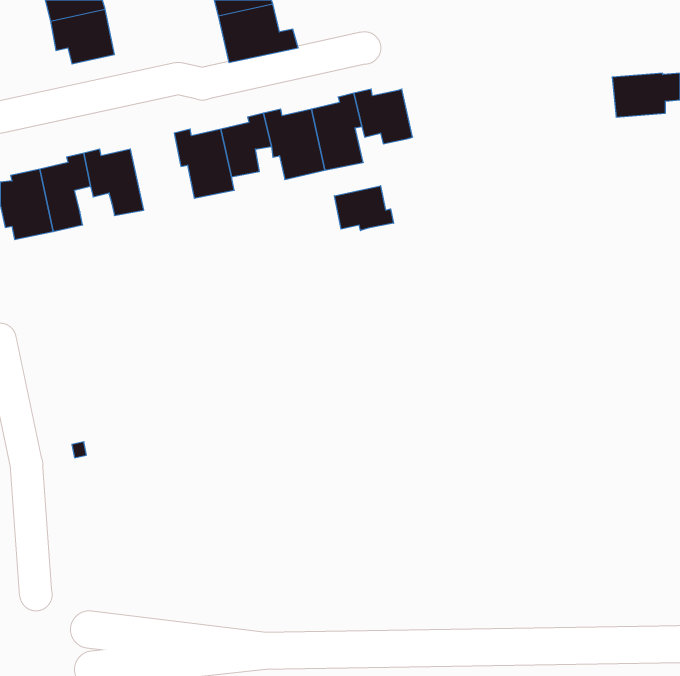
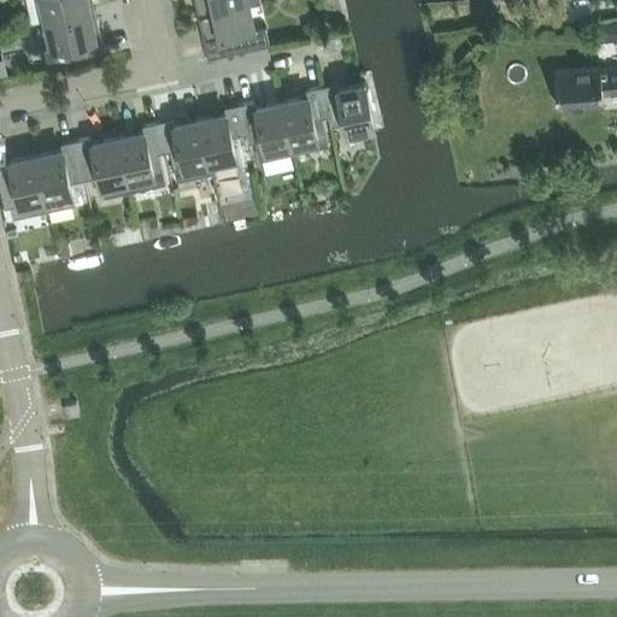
building: none -> [118,124,165,194]
building: [334,186,394,231] -> none

